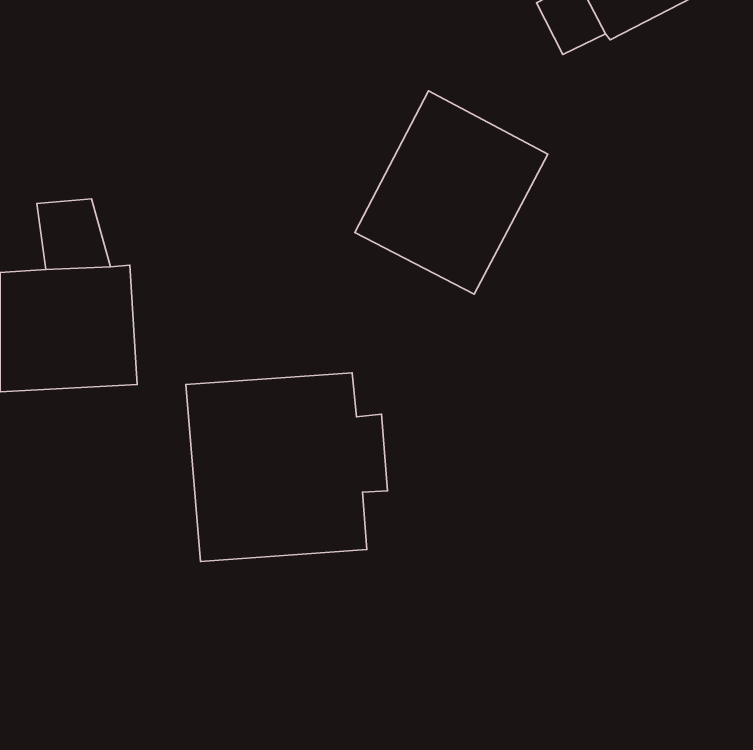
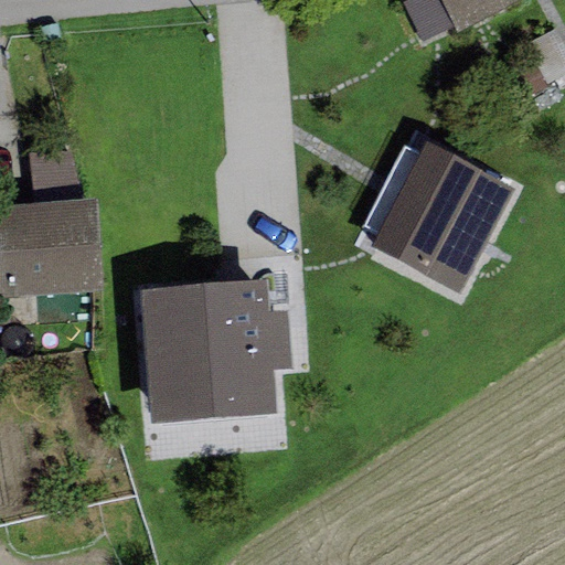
building: [355,91,548,294] -> [369,139,513,291]

